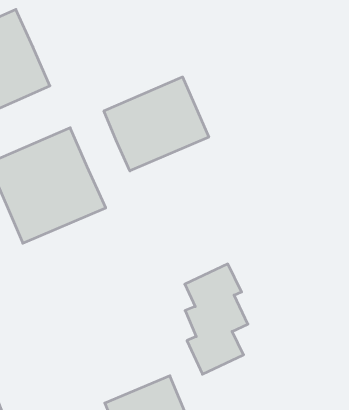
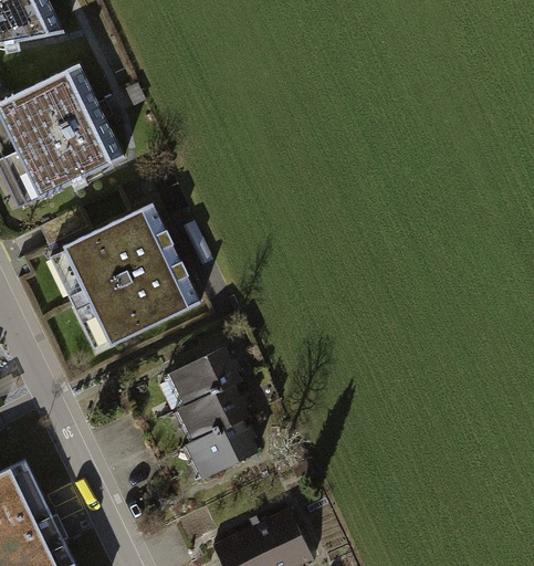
building: [104,77,209,171] -> none
building: [185,264,248,374] -> [168,349,248,485]

